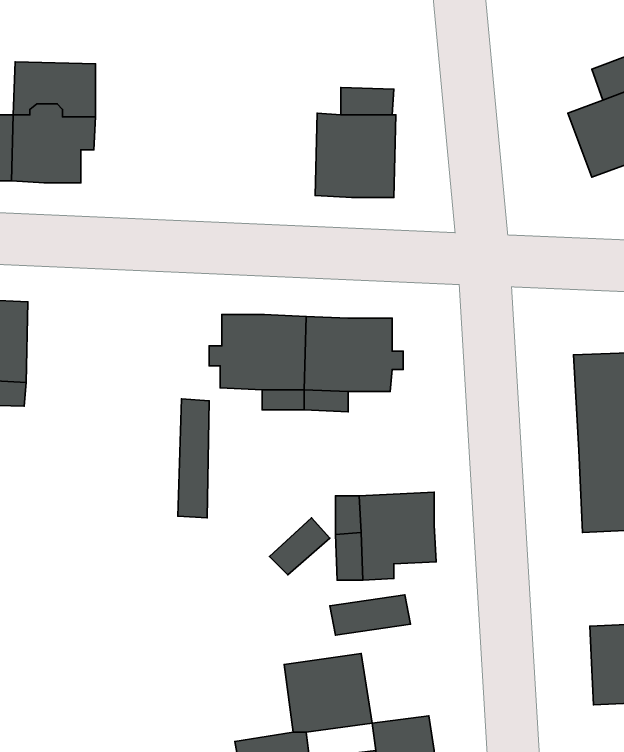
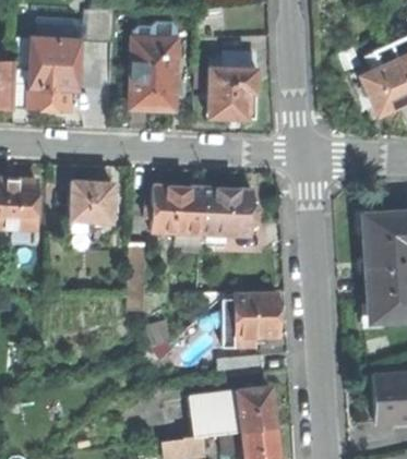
building: none -> [132,38,178,109]
building: none -> [71,182,113,221]
building: none -> [237,387,277,432]

